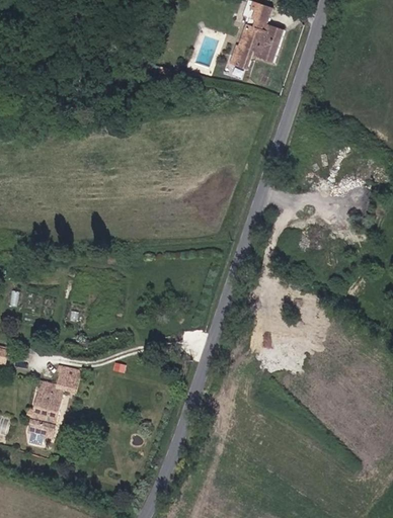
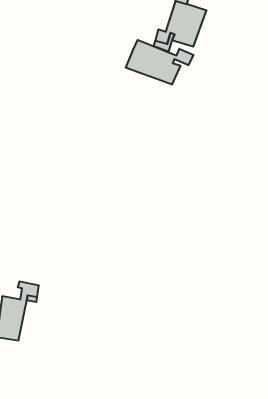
building: none -> [126,40,193,85]

